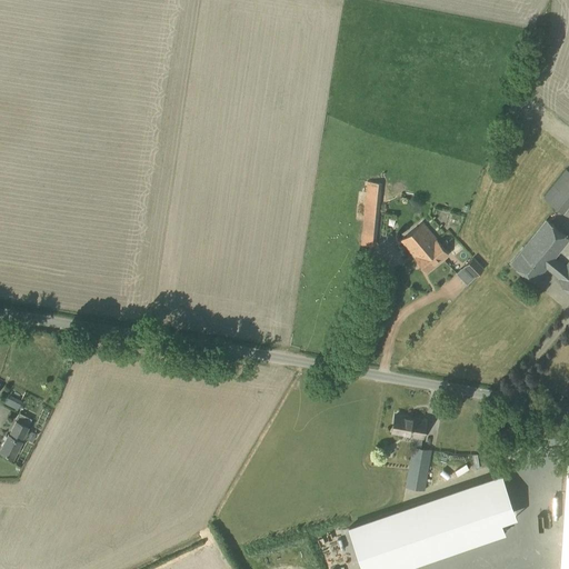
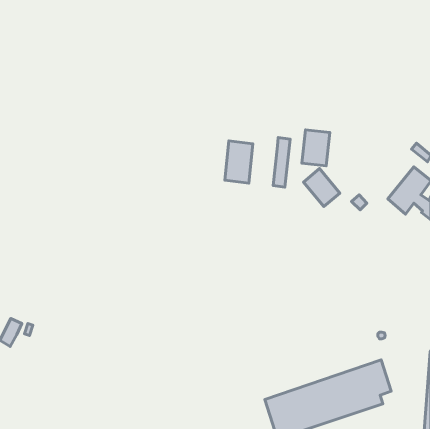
building: none -> [302,130,330,166]
building: none -> [225,141,253,183]
building: [393,418,431,491] -> none

